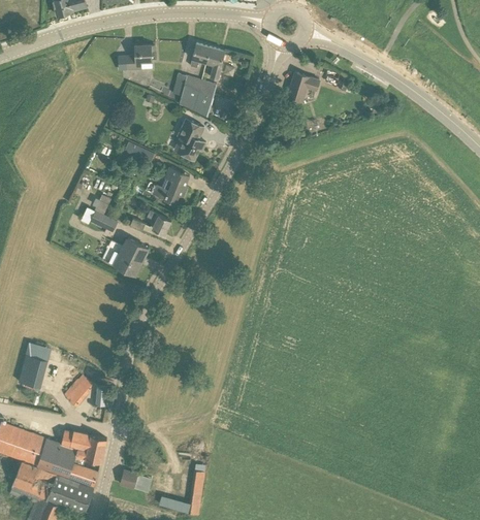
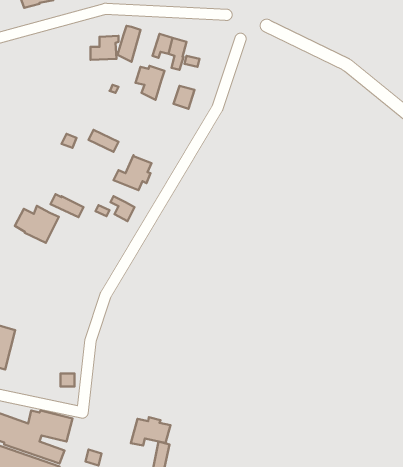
building: [287,72,319,101] -> none
building: [193,80,217,118] -> [118,26,141,62]
building: [173,118,206,160] -> none
building: [103,237,149,275] -> [15,206,59,243]
building: [63,375,92,407] -> none
building: none -> [131,417,170,446]

